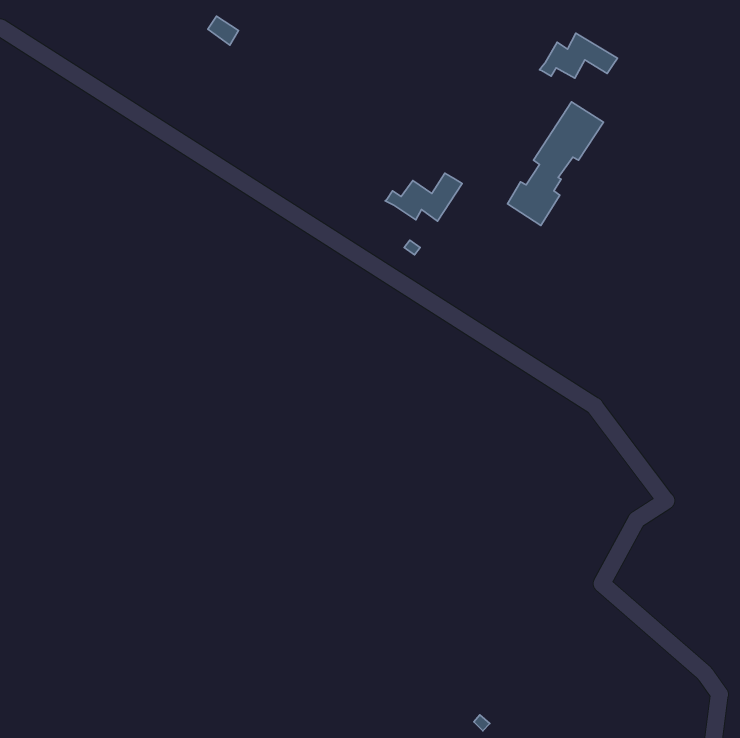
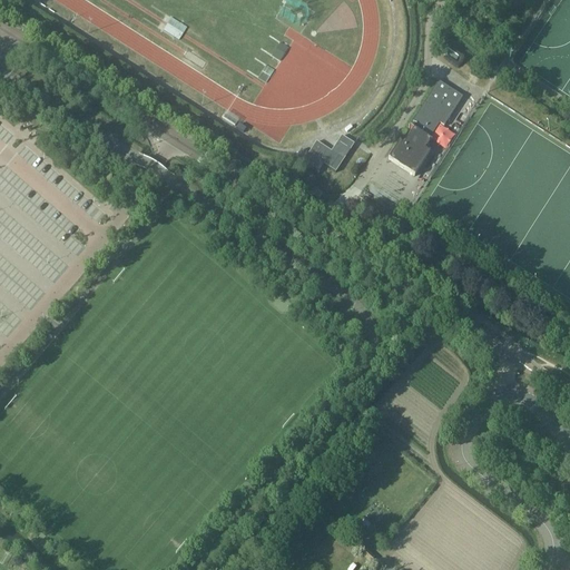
building: [540,33,617,78] -> none

